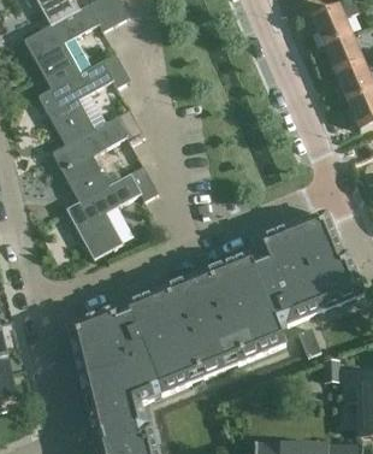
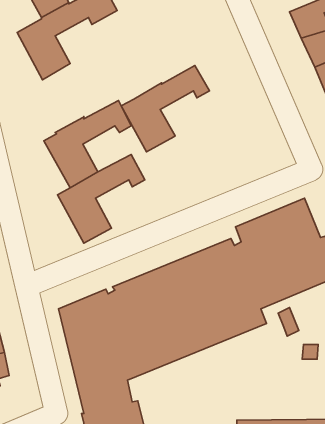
building: [37,53,130,143] -> [121,66,210,152]

